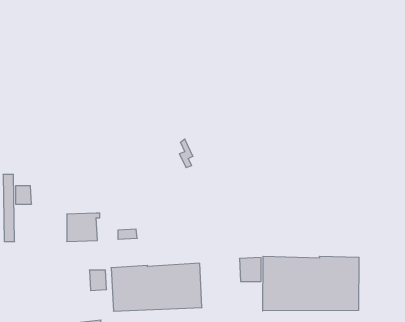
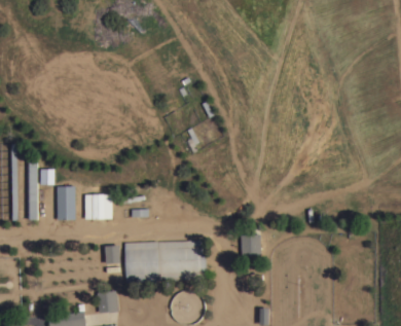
building: none -> [56,185,75,219]
building: [263,256,359,311] -> none

